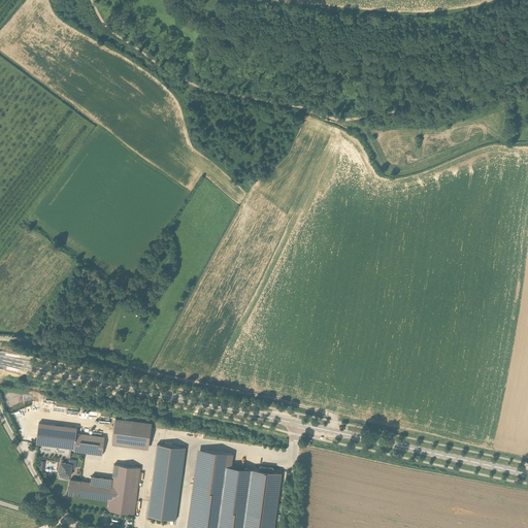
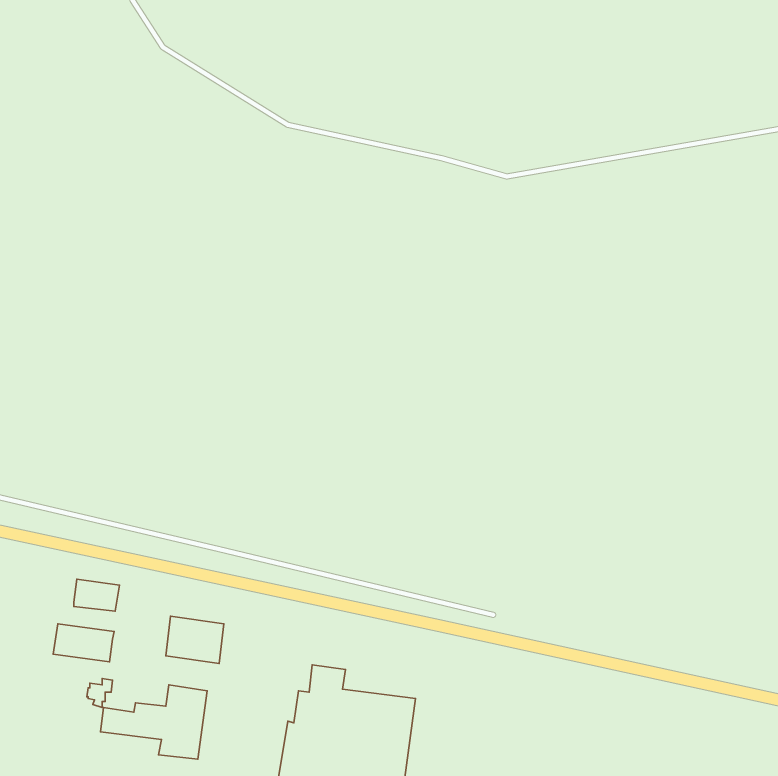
building: [74,434,105,456] -> [74,579,120,611]
building: [147,444,186,521] -> none

